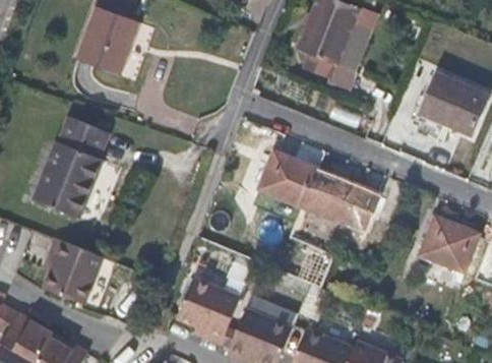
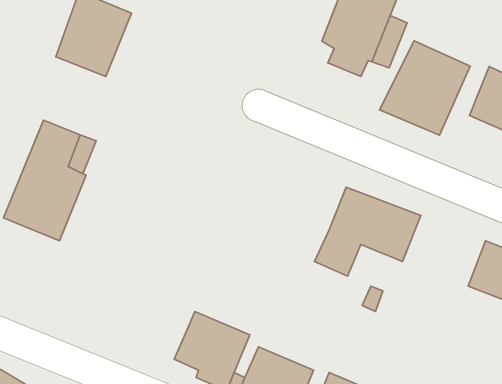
building: none -> [380,41,470,135]
building: [259,153,318,207] -> none
building: [42,236,103,304] -> none

